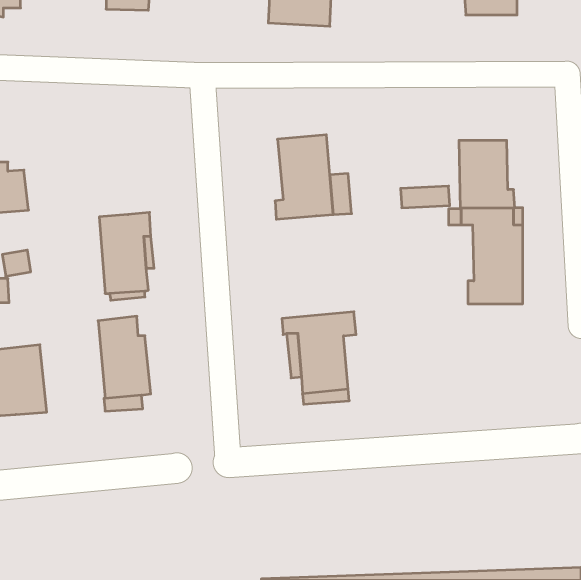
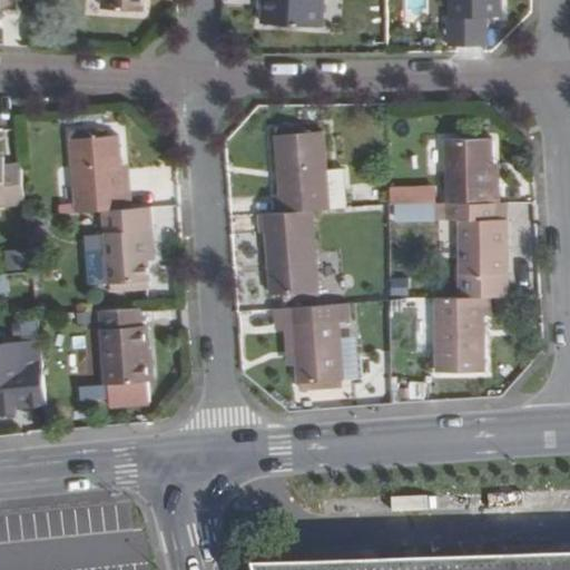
building: none -> [454,14,494,50]
building: none -> [62,136,125,215]
building: none -> [254,210,316,296]
building: none -> [435,299,492,375]

